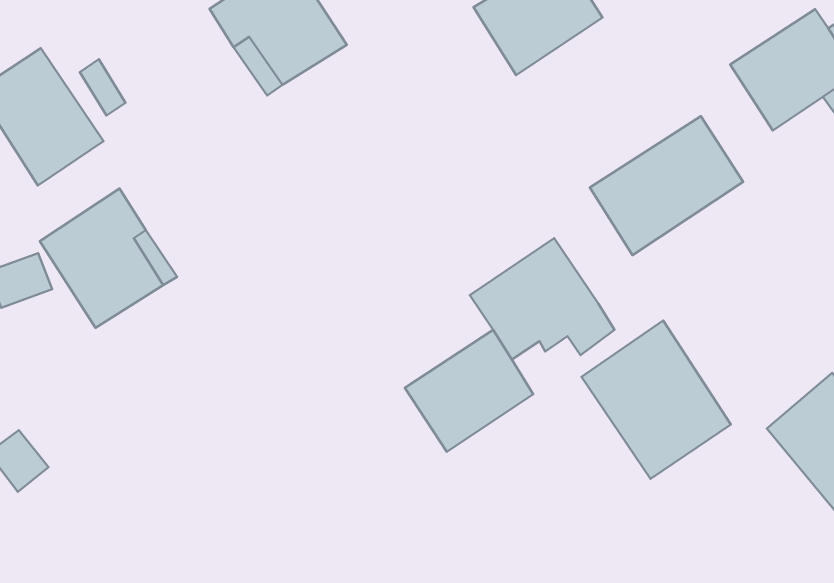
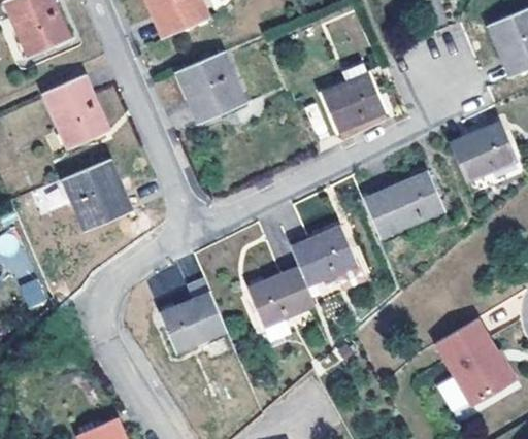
building: [581,321,731,479] -> none
building: none -> [156,292,227,352]

